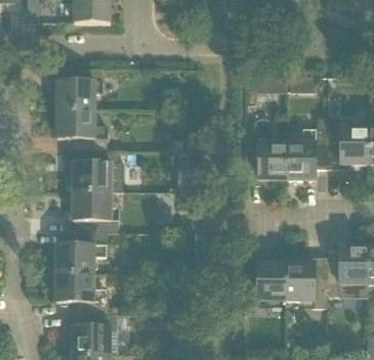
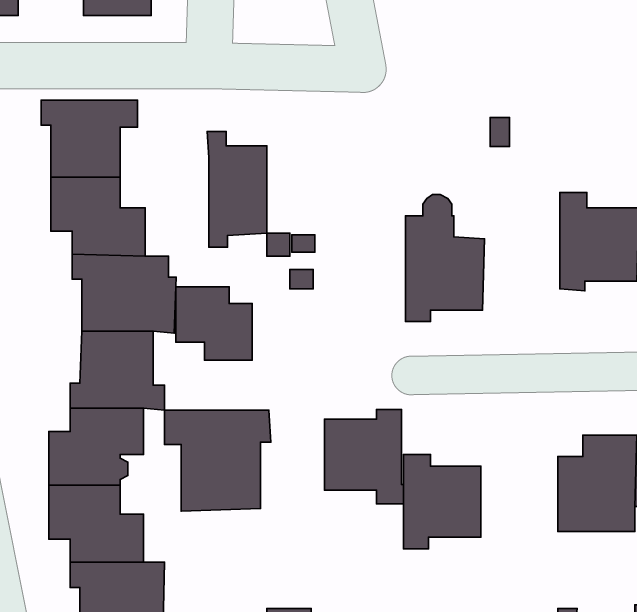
building: none -> [207,132,267,247]
building: [286,119,327,180] -> none
building: none -> [176,287,252,360]
building: none -> [165,410,271,511]
building: [285,258,327,308] -> [325,409,404,504]

